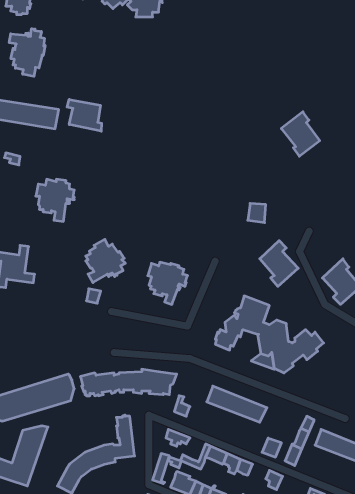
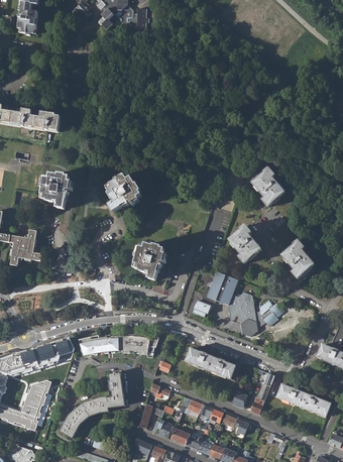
building: [9,29,45,76] -> none
building: [67,99,102,131] -> none
building: [281,112,320,156] -> [252,168,284,206]
building: [86,239,125,283] -> [107,175,140,211]

